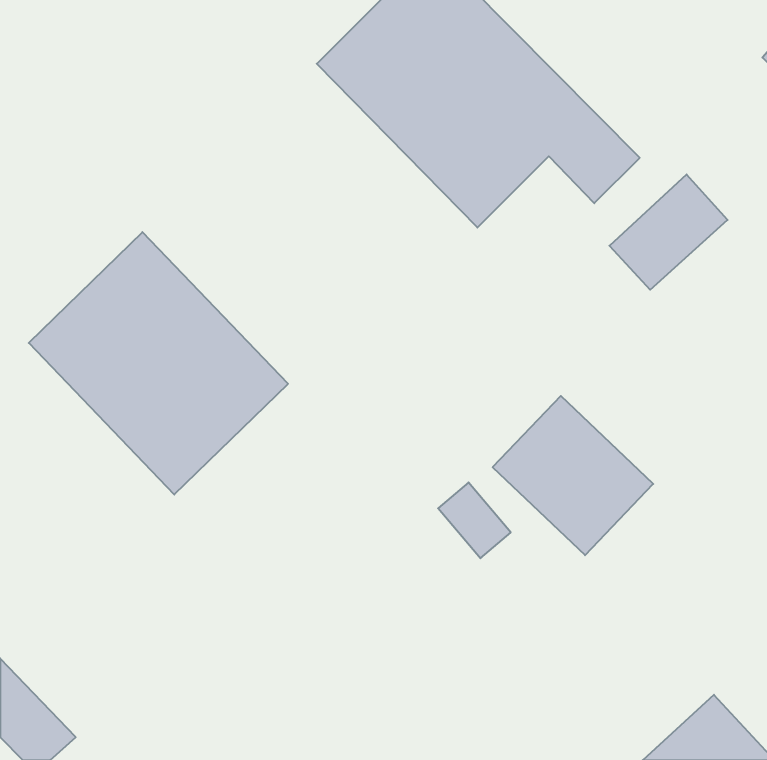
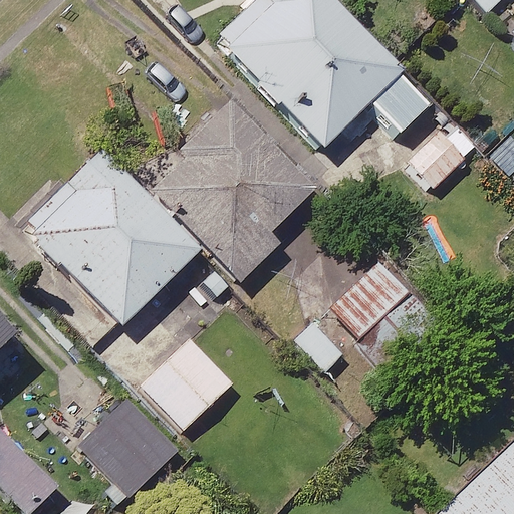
building: none -> [148,96,315,282]
building: none -> [143,338,232,428]
building: none -> [85,396,182,492]

